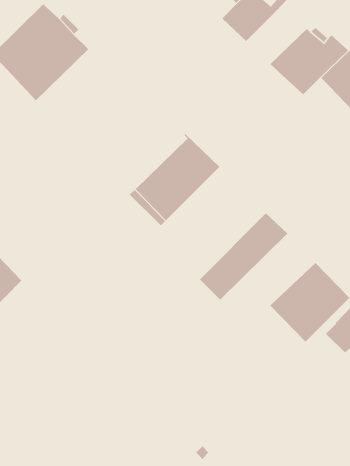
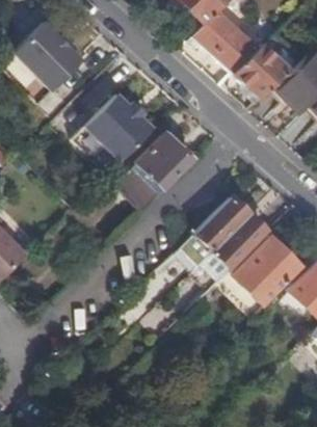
building: none -> [214,29,265,74]
building: none -> [75,94,154,174]
building: none -> [192,216,267,291]

